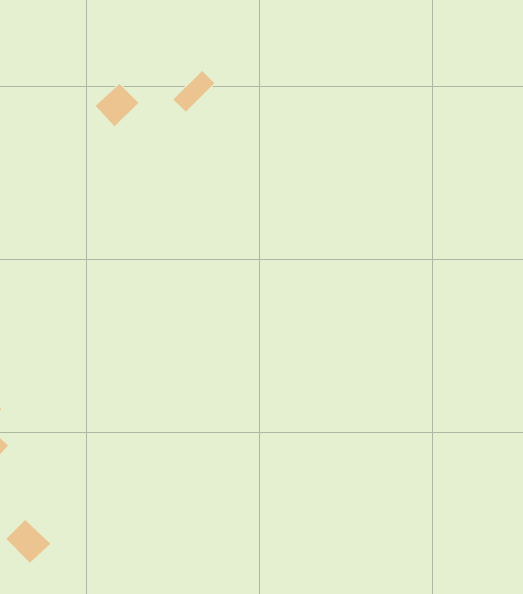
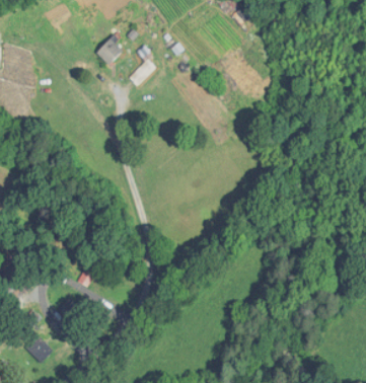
building: [95,83,139,127] -> [96,36,124,64]

